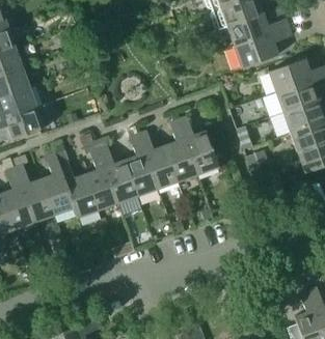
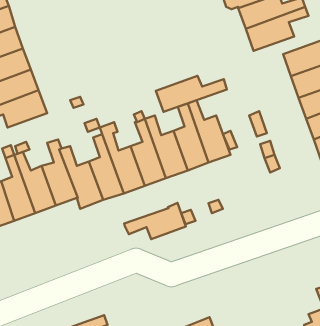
building: none -> [156,76,227,112]
building: none -> [124,203,186,239]

